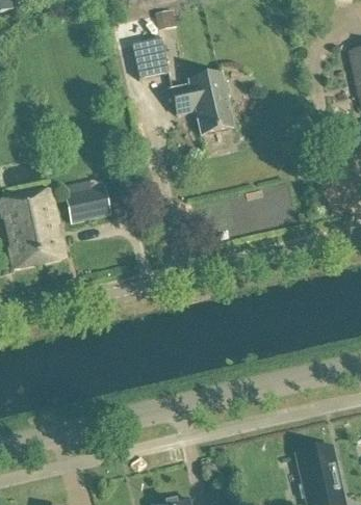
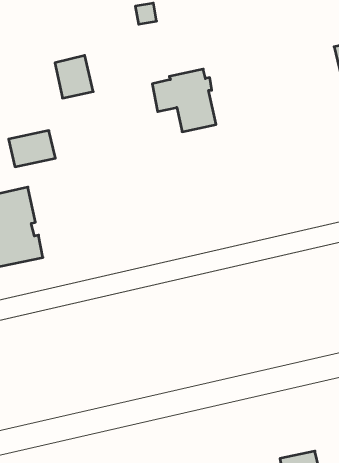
building: [131,36,169,78] -> [55,55,93,98]
building: [65,186,110,221] -> [9,131,55,167]

